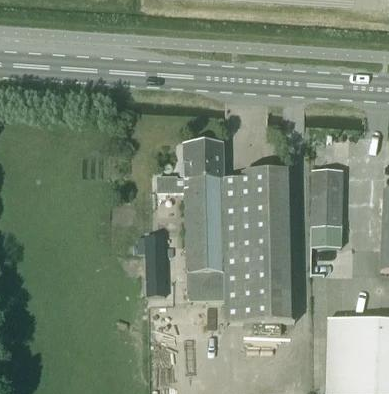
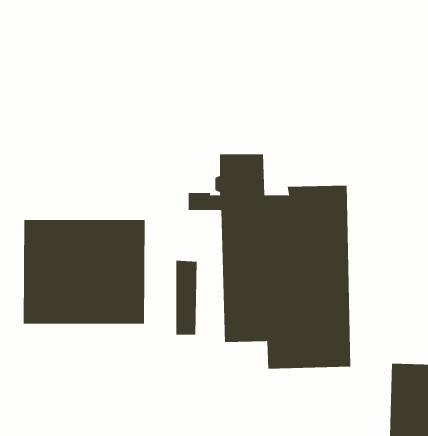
building: [310,168,341,246] -> none
building: none -> [23,219,145,324]

